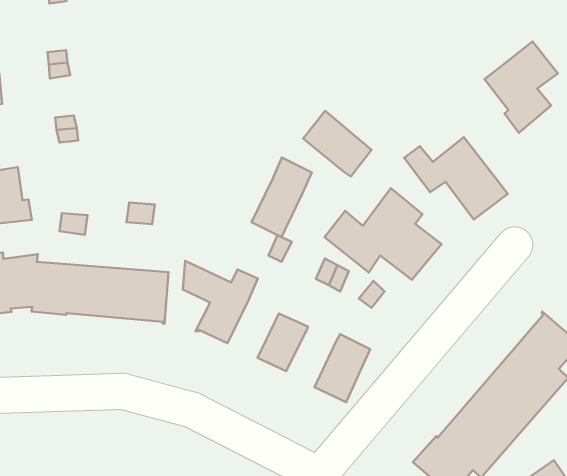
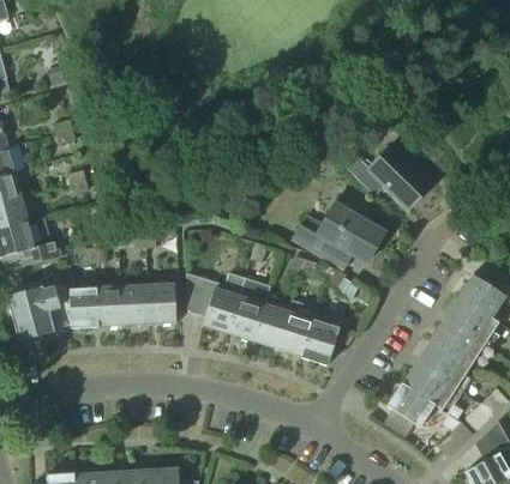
building: [484,42,558,133] -> none
building: [303,111,372,177] -> none
building: [251,158,312,237] -> [227,278,269,340]
building: none -> [276,300,316,357]

